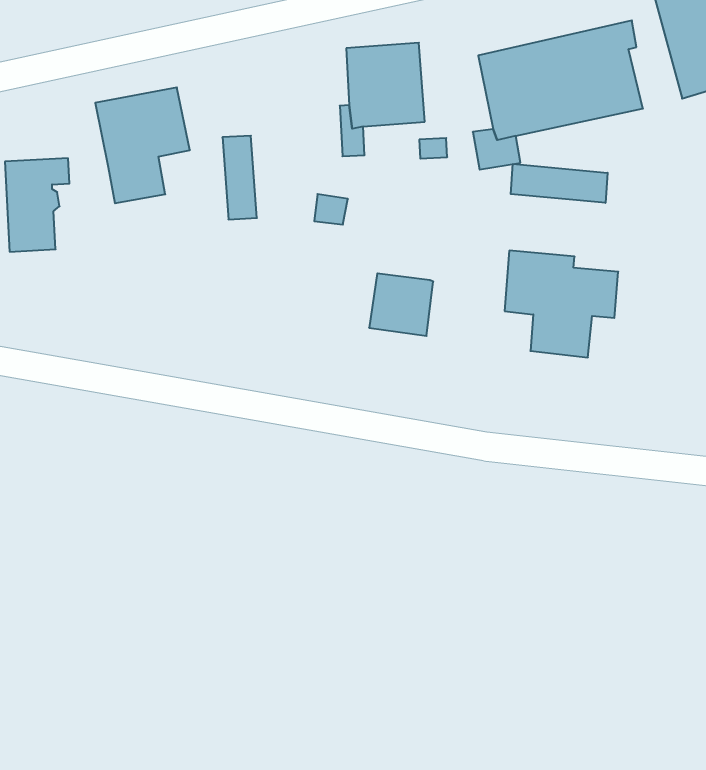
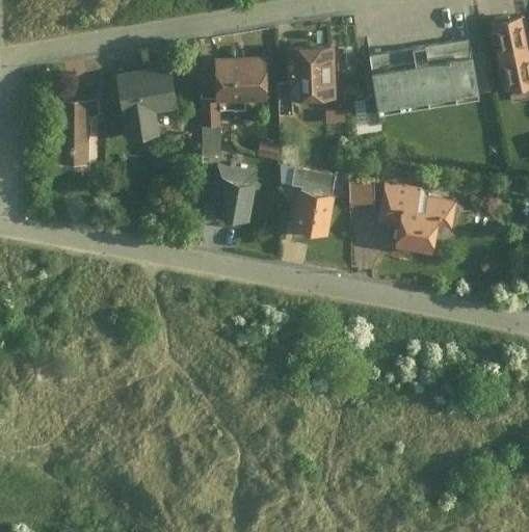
building: none -> [217,58,270,111]
building: [511,164,608,203] -> none
building: none -> [287,168,336,201]
building: none -> [211,165,259,223]
building: none -> [349,182,375,207]

